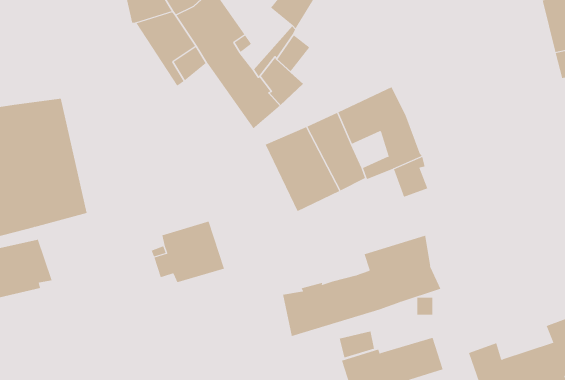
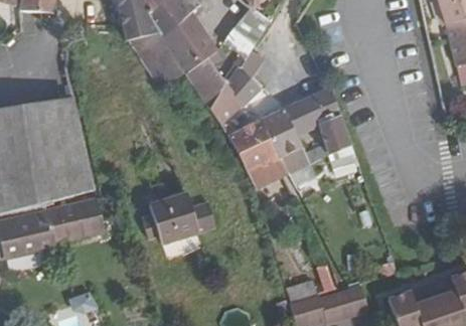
building: none -> [54,198,104,240]
building: [283,235,441,337] -> none

